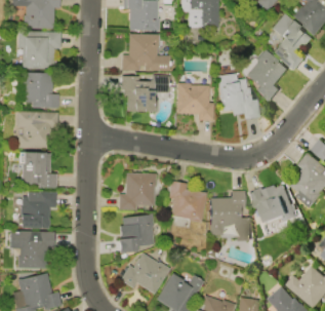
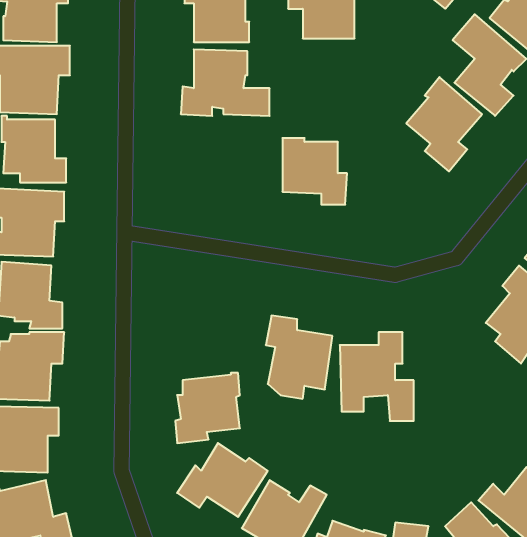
building: [216,73,259,119] -> none
building: [121,76,168,112] -> none
building: [118,173,156,210] -> none
building: [248,185,297,224] -> none

